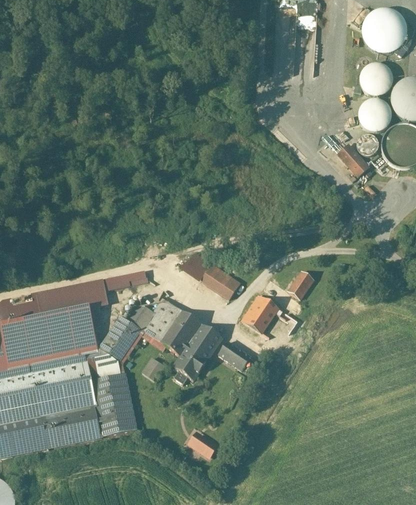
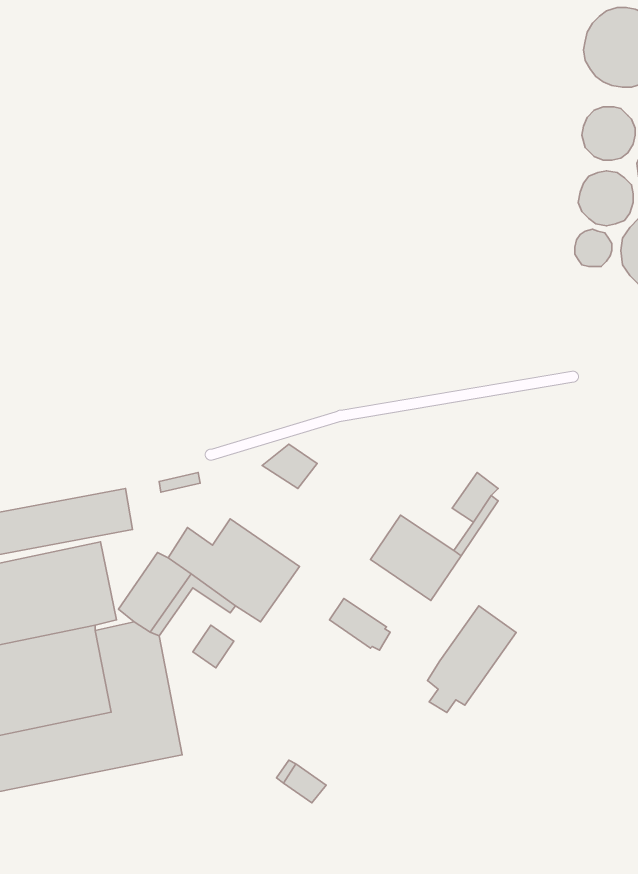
building: [337,144,367,176] -> none
building: [200,258,240,300] -> none
building: [172,324,222,384] -> [427,606,516,712]

